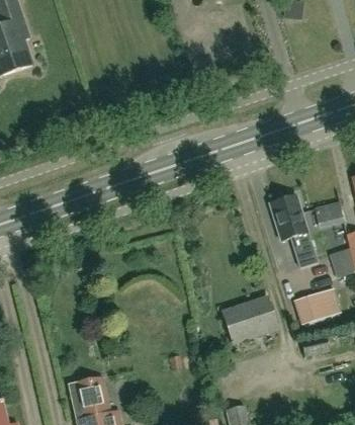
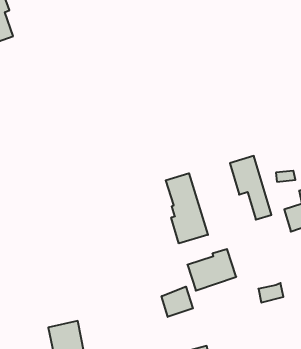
building: none -> [166,173,208,243]
building: [293,286,341,324] -> none
building: none -> [162,287,193,317]

